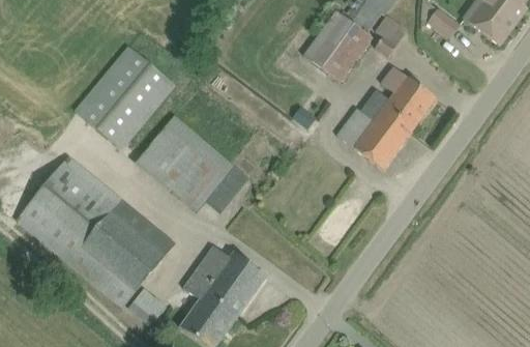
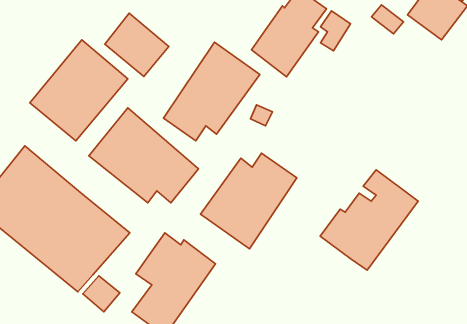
building: none -> [105,13,169,76]
building: none -> [163,42,260,141]
building: [335,66,437,170] -> [320,170,418,270]
building: none -> [200,153,297,249]

